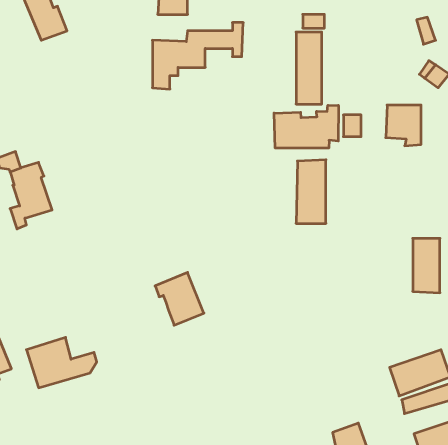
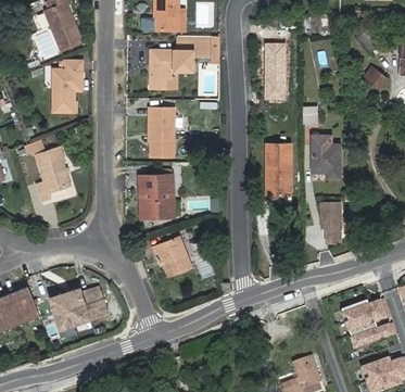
building: none -> [53,59,83,110]
building: [386,105,421,146] -> [311,147,339,179]
building: [274,105,338,148] -> none
building: none -> [150,108,174,156]
building: none -> [141,176,174,216]
building: [413,238,440,293] -> [322,200,344,243]

